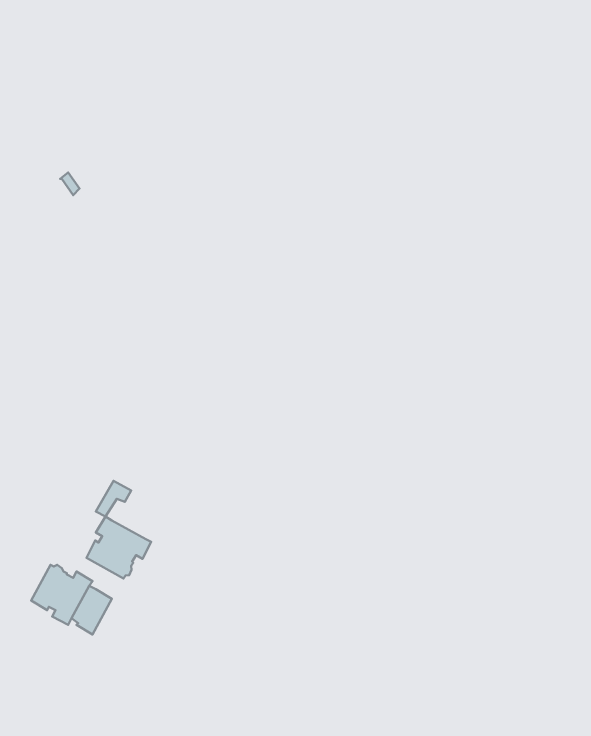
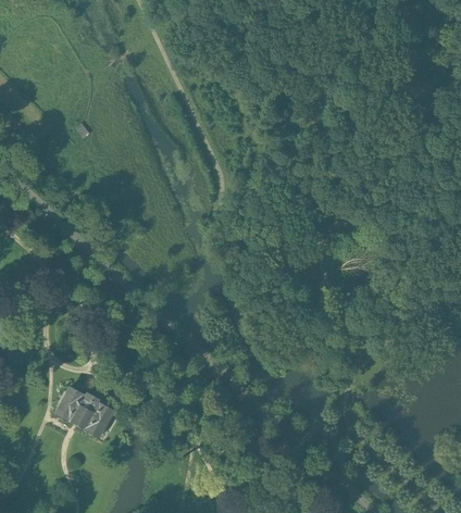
building: [86,517,151,579] -> none

